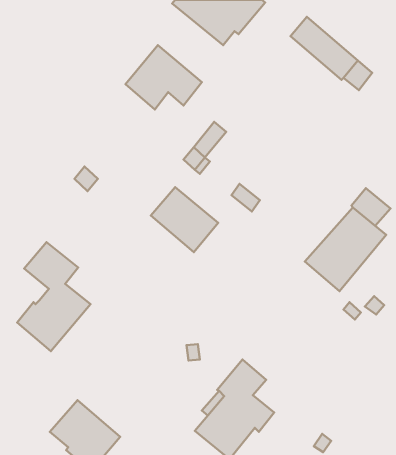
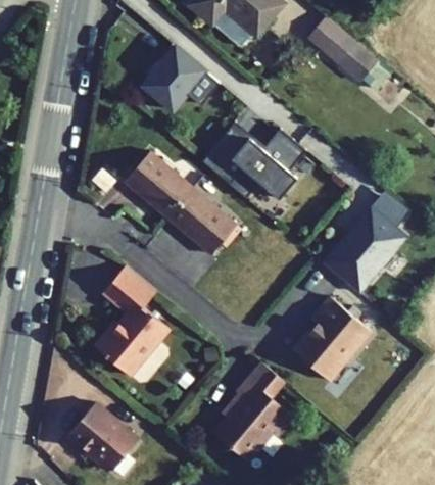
building: none -> [229,138,297,199]
building: none -> [125,152,193,217]
building: [17,242,90,351] -> [95,265,168,375]
building: none -> [292,296,371,380]

